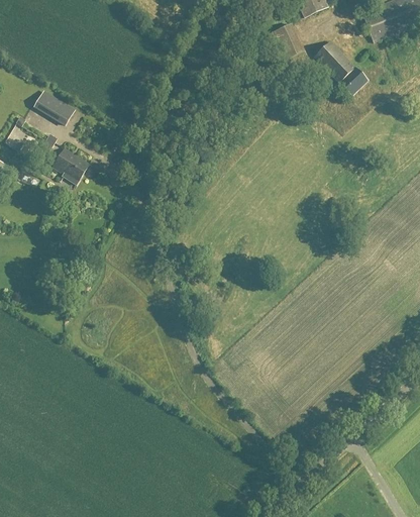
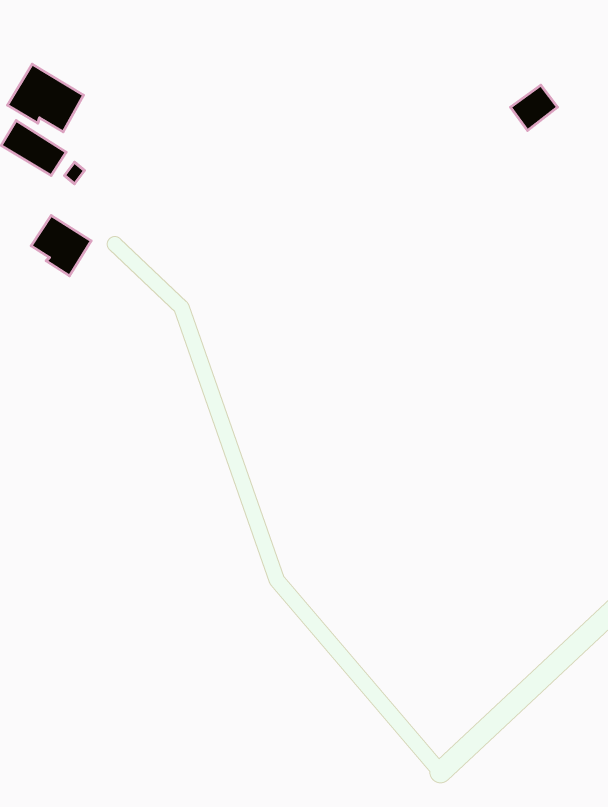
building: [317,40,354,81] -> none
building: none -> [7,64,84,132]

